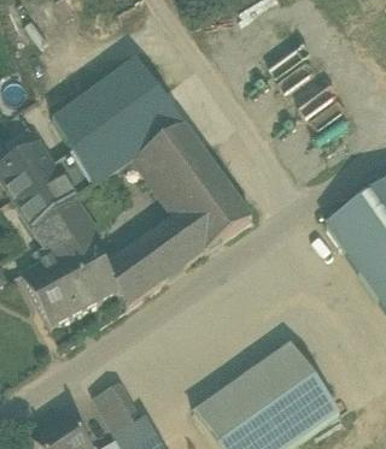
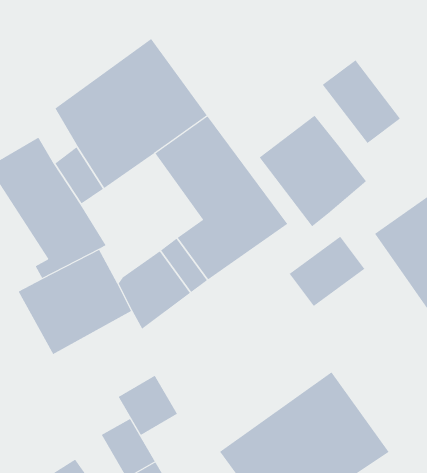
building: none -> [259,115,367,227]
building: none -> [289,236,365,307]
building: none -> [118,375,178,436]

